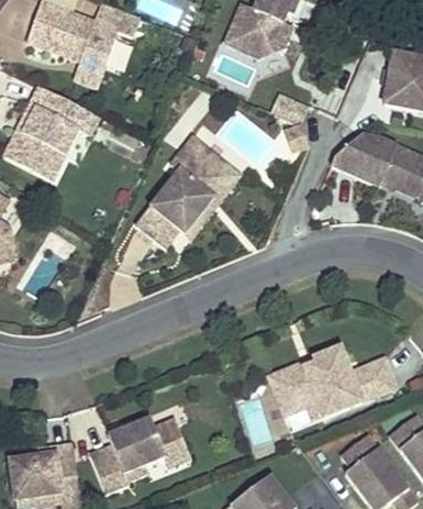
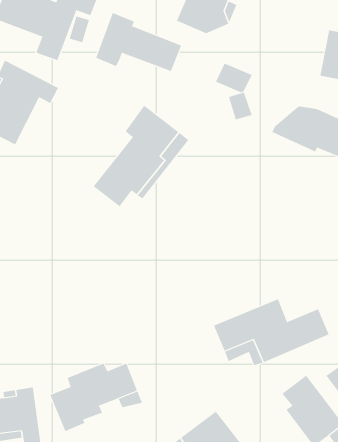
building: none -> [96,12,182,72]

